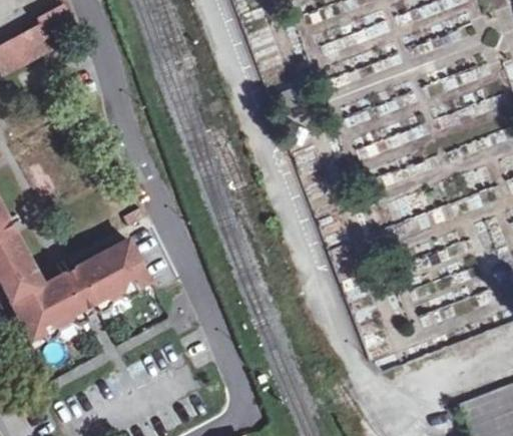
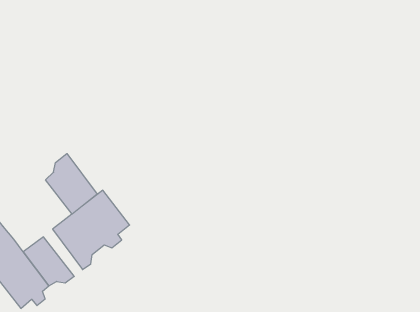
building: none -> [46,154,97,214]

